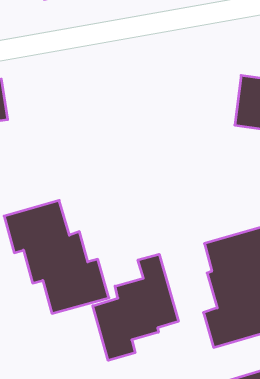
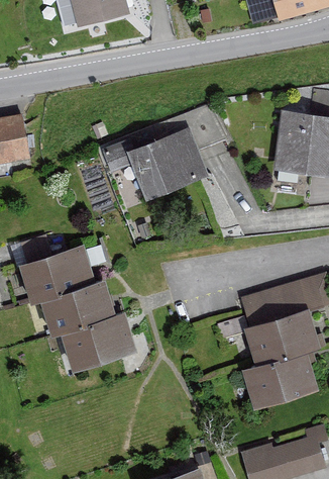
building: none -> [103,129,208,202]
building: [93,254,178,360] -> none

